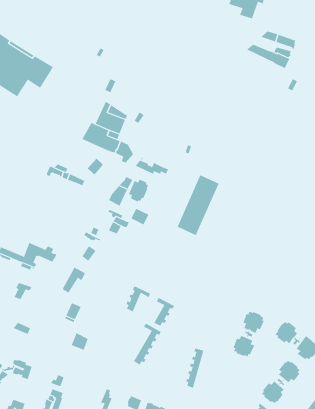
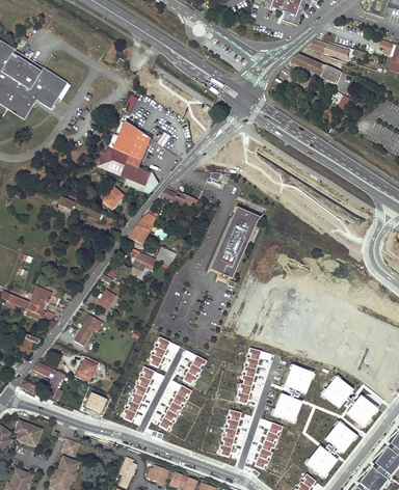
building: [128,179,149,202] -> none
building: none -> [237,348,270,404]
building: none -> [32,361,63,401]
building: none -> [123,366,163,421]
building: none -> [255,418,283,468]

